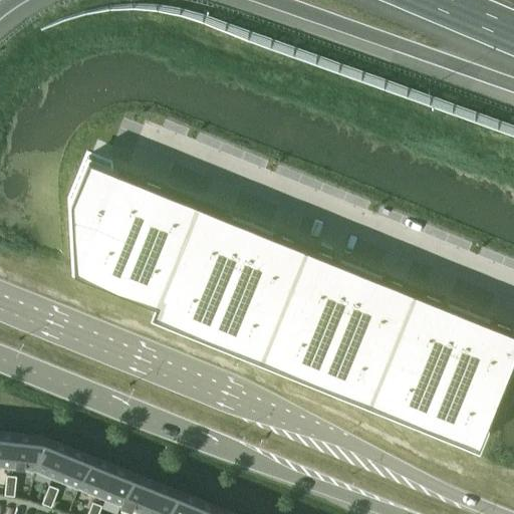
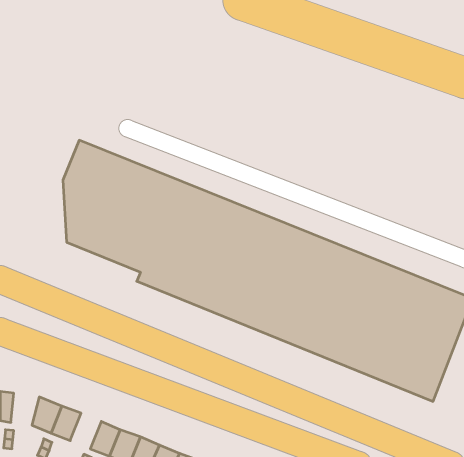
building: [14,443,45,478] -> none
building: [79,465,113,504] -> none

